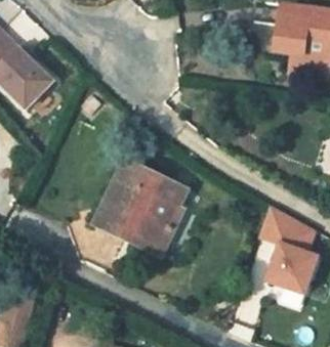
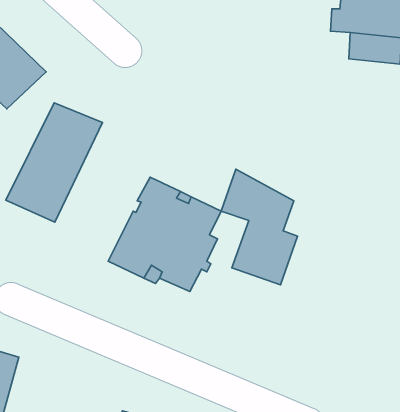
building: none -> [6,103,103,222]
building: [264,203,324,293] -> [221,169,298,285]

